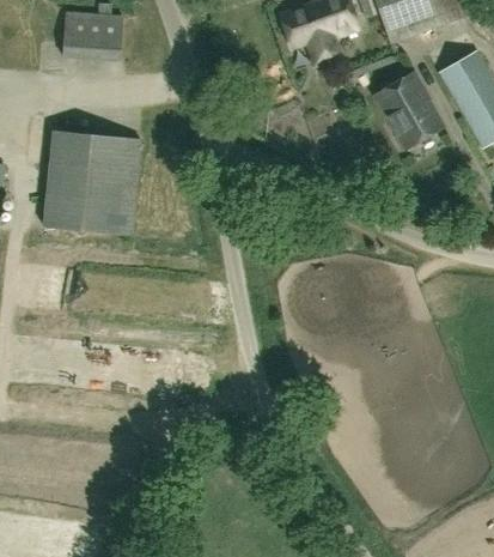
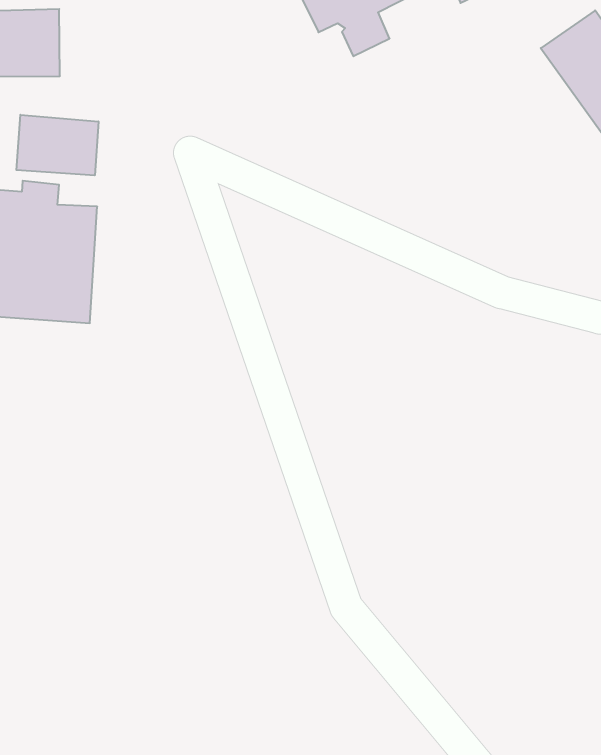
building: [376,73,441,147] -> none
building: none -> [16,115,98,175]

